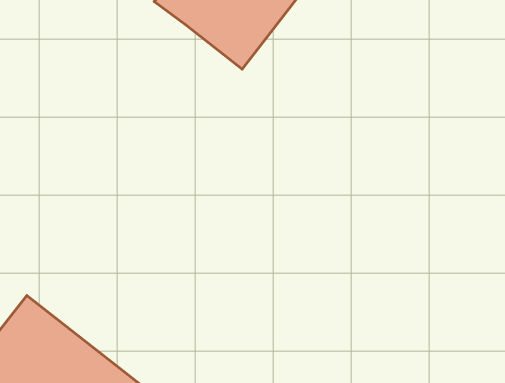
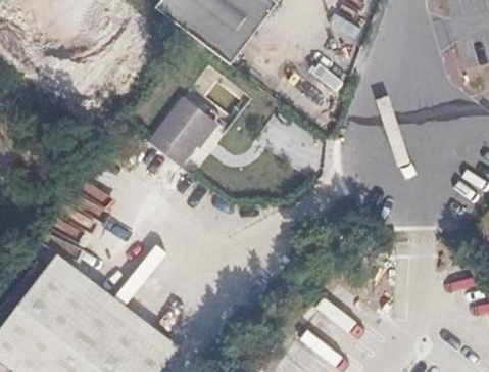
building: none -> [150,96,217,166]

